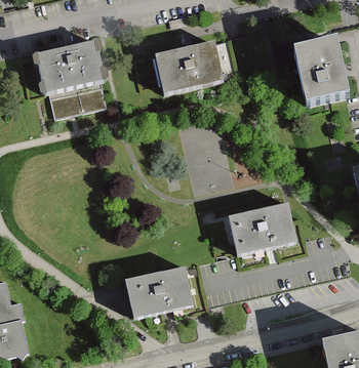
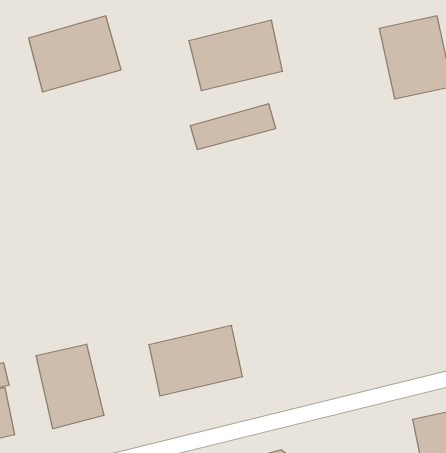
building: [46,79,110,113] -> [190,104,276,149]
building: [225,198,293,250] -> none
building: none -> [36,344,104,429]

